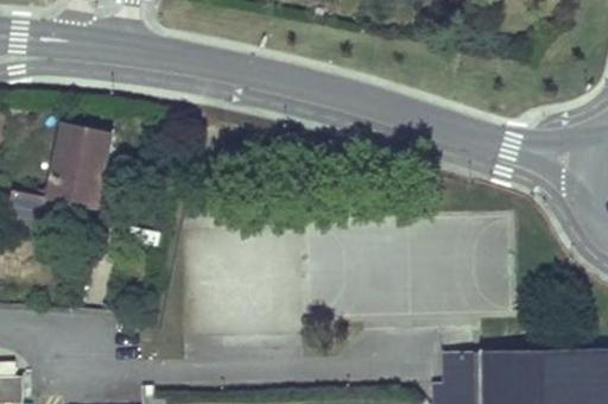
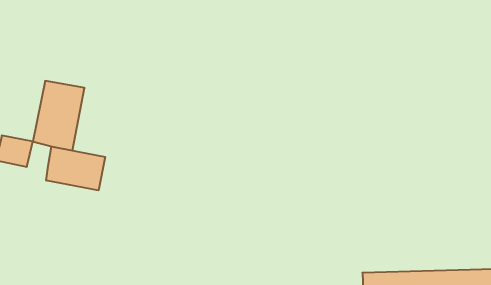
building: none -> [46,147,105,190]

